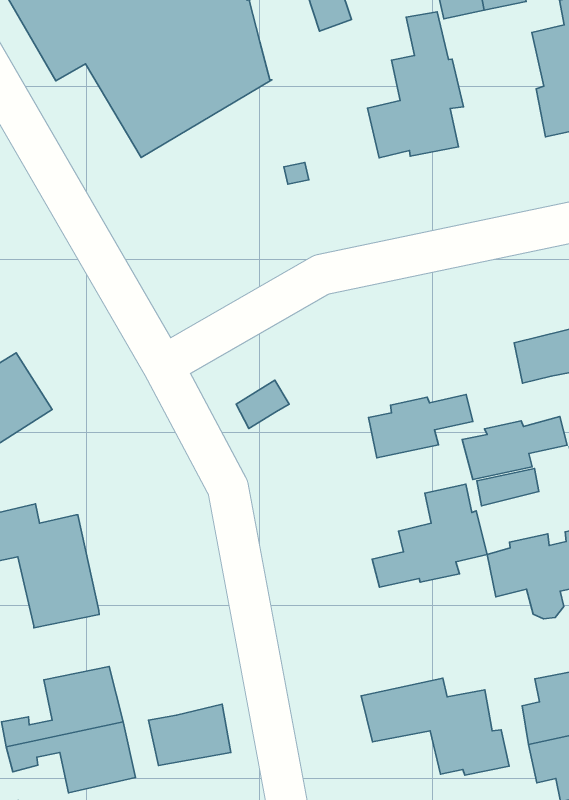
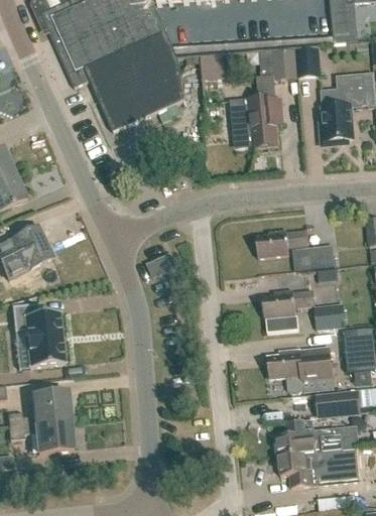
building: [368,395,473,458] -> [255,229,308,257]
building: [372,484,487,587] -> none
building: [361,678,509,775] -> none
building: [149,704,231,766] -> none

